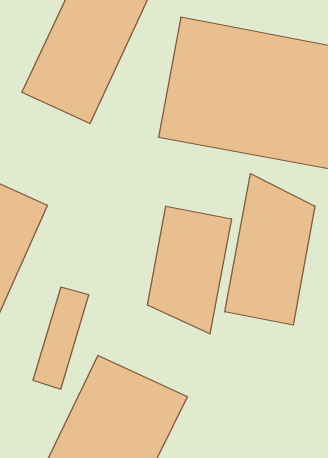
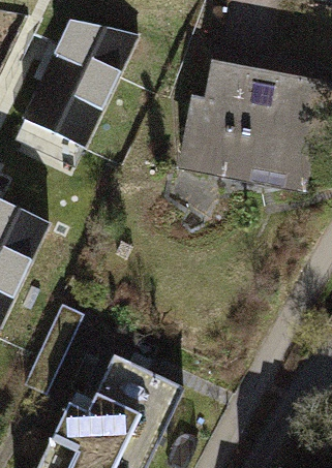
building: [225,174,315,325] -> none
building: [148,206,231,334] -> none

